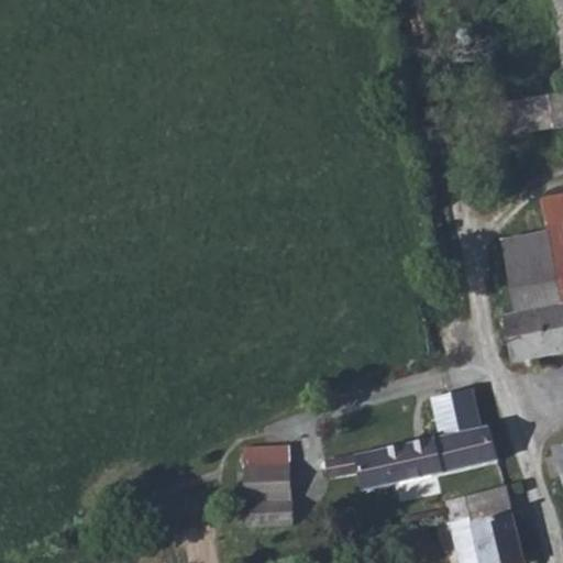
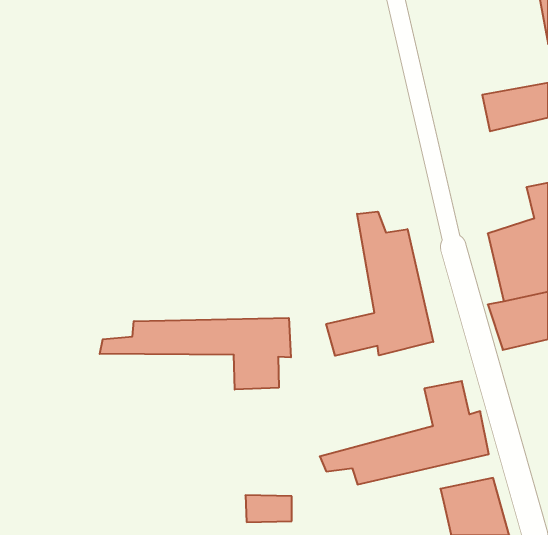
building: none -> [326,212,433,356]
building: none -> [100,318,291,390]
building: [249,450,298,507] -> none

